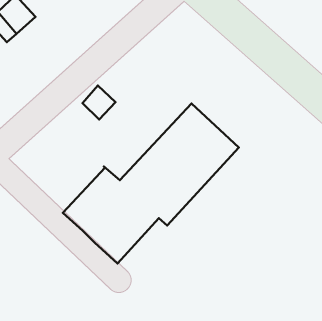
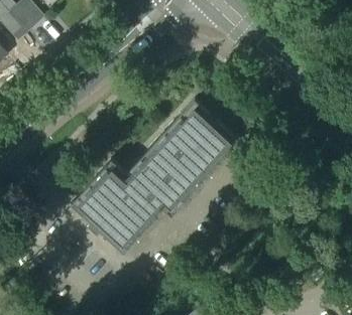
building: [82,86,116,119] -> none

